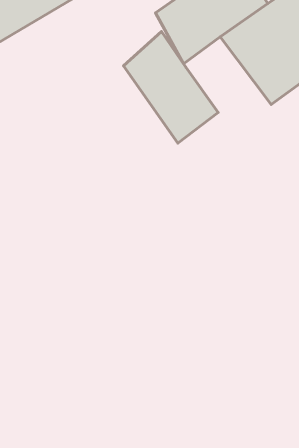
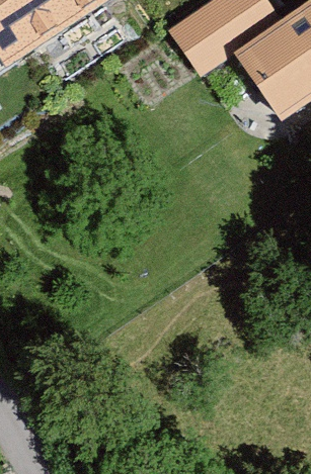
building: [123,31,218,143] -> none

